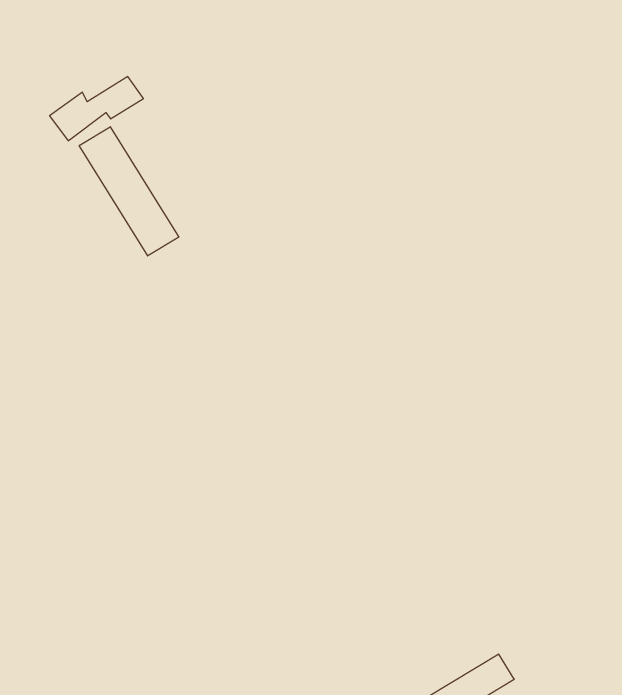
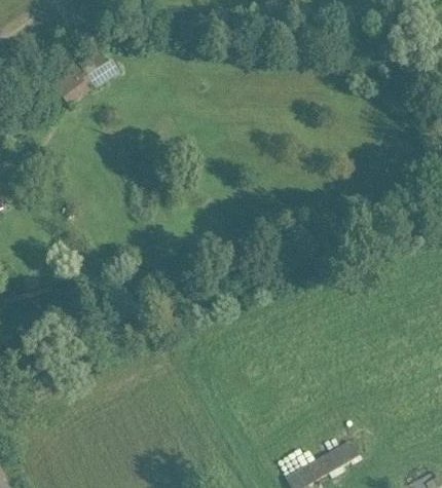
building: [79,127,179,256] -> none

